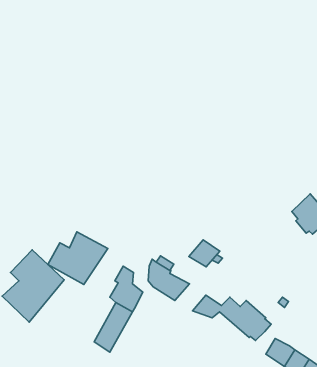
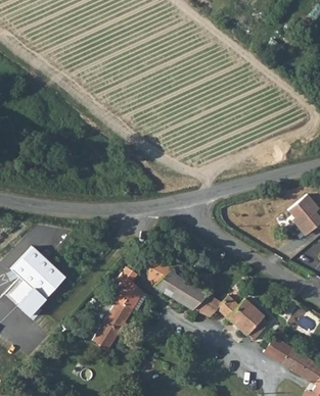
building: [48,232,108,285] -> none
building: [189,240,220,267] -> [175,282,205,308]

